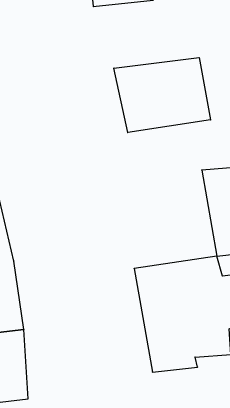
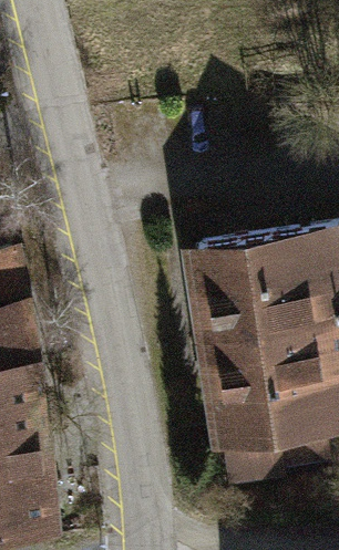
building: [114,58,211,133] -> none
building: none -> [188,228,310,359]

